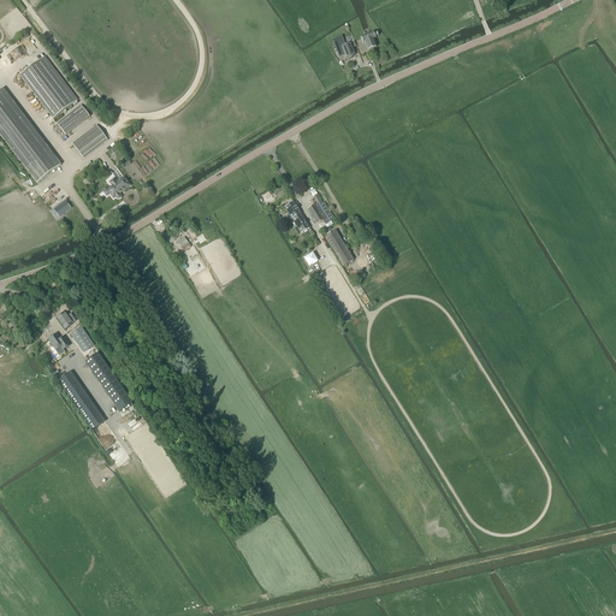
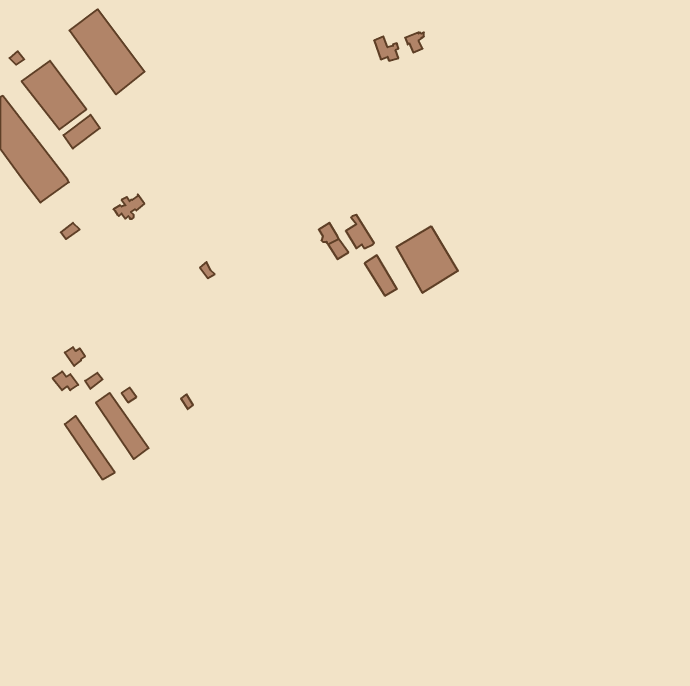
building: none -> [69,9,145,94]
building: [72,123,107,155] -> none
building: none -> [396,226,458,293]

